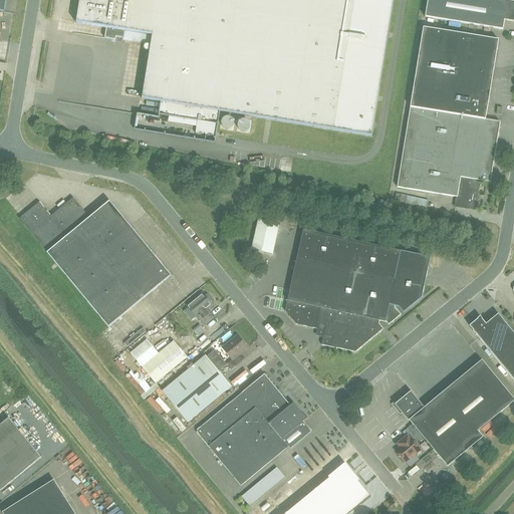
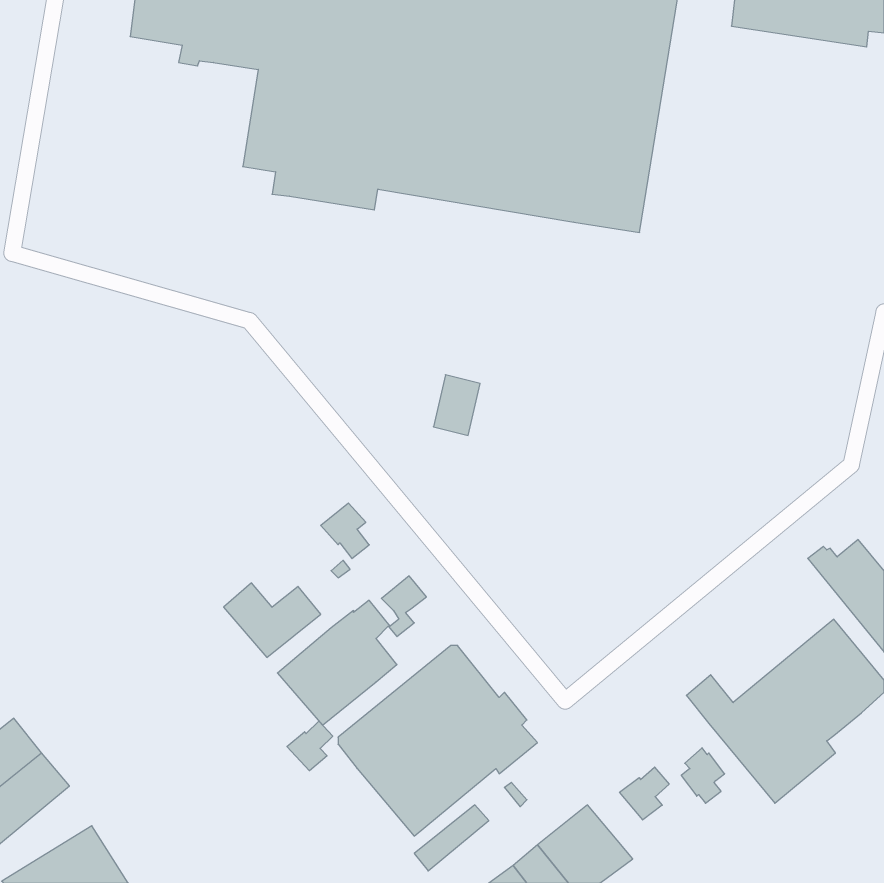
building: [396,25,499,209] -> none
building: [18,196,170,325] -> none
building: [284,227,430,350] -> none
building: none -> [287,721,333,771]
building: none -> [620,767,669,820]

